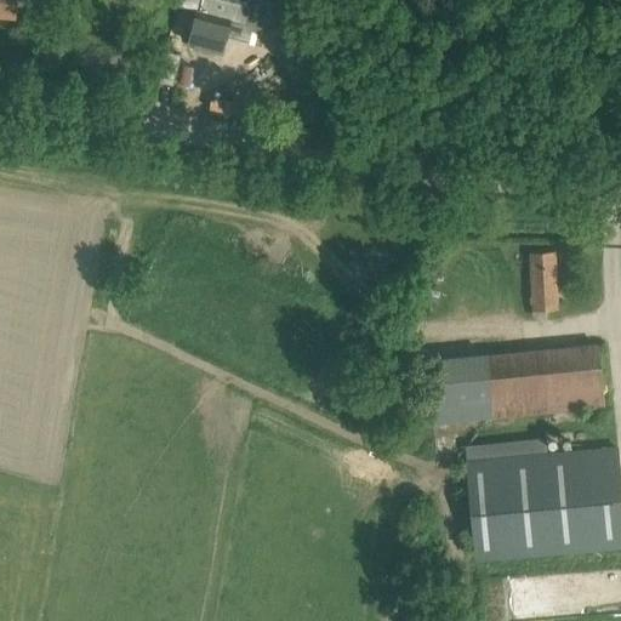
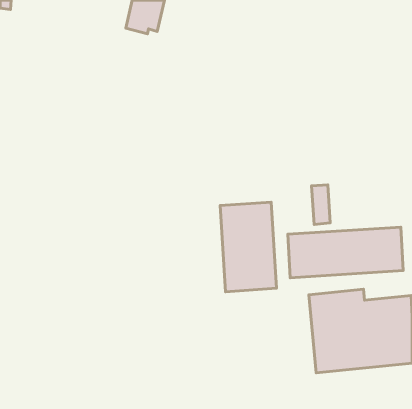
building: [530,253,558,313] -> [312,185,330,224]
building: none -> [220,202,277,292]

